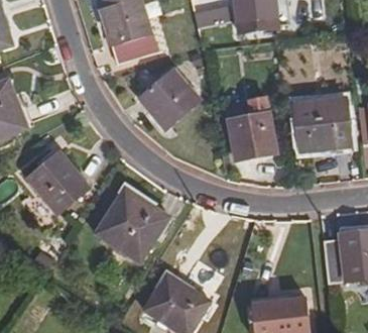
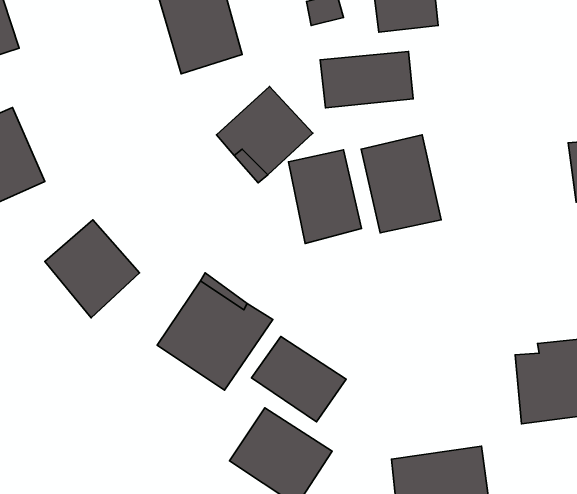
building: none -> [320,52,413,108]
building: [294,97,350,149] -> none
building: none -> [289,150,361,243]
building: none -> [251,336,346,422]

